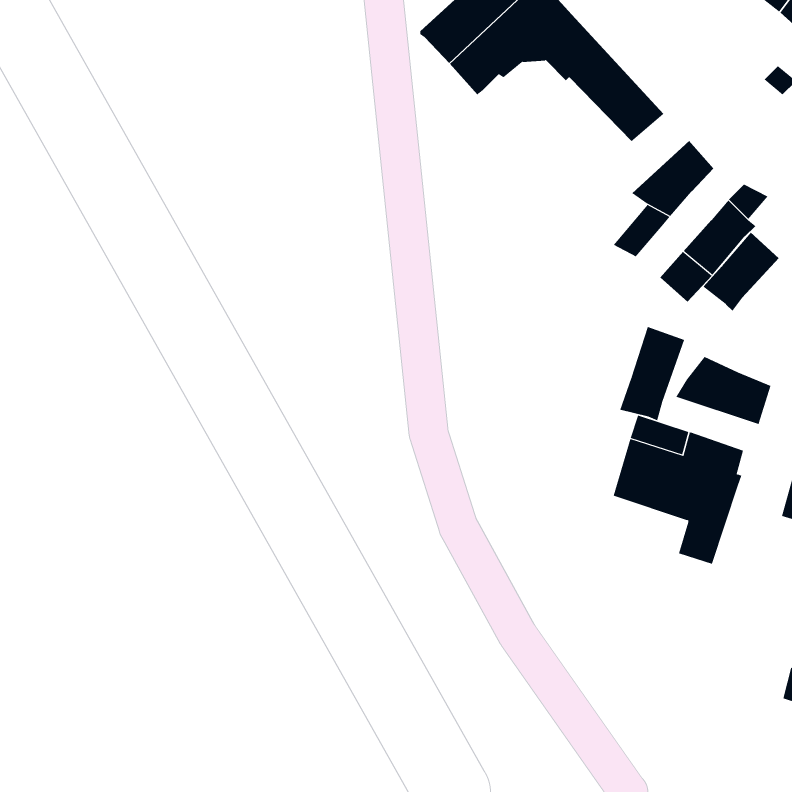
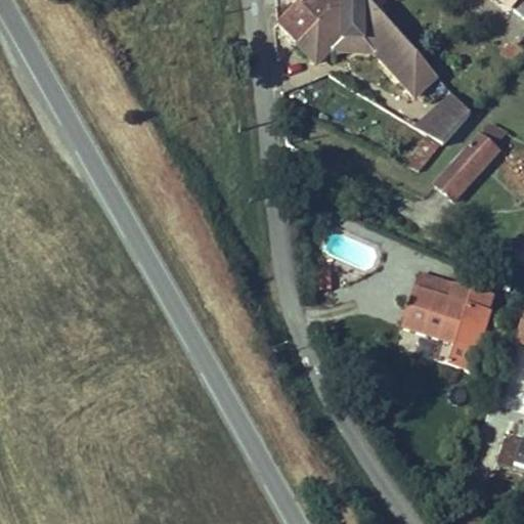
building: [702,232,779,311] -> none
building: [620,326,685,421] -> none
building: [676,356,771,425] -> none

